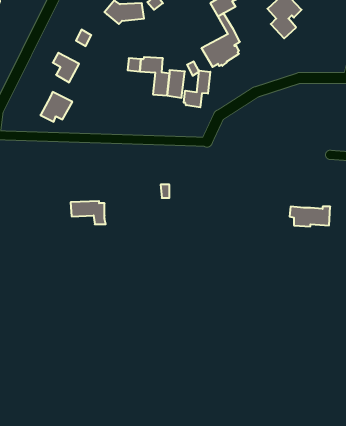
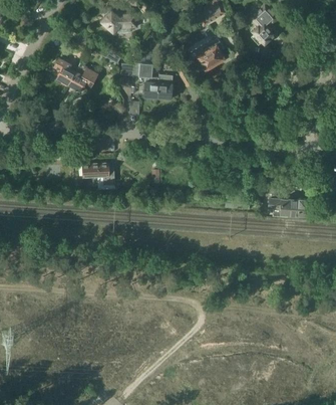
building: [184,70,210,107] -> none
building: [40,92,72,122] -> [69,64,98,91]
building: [71,201,106,224] -> [83,164,115,185]

